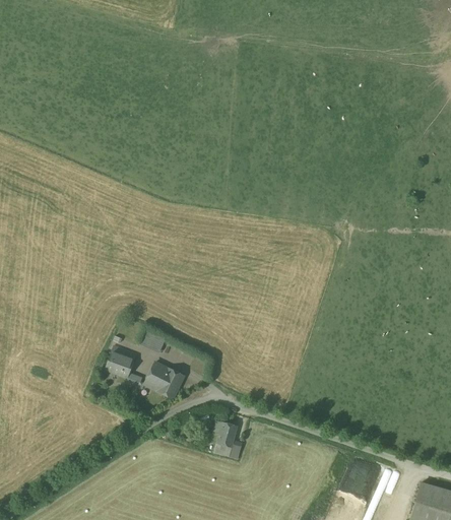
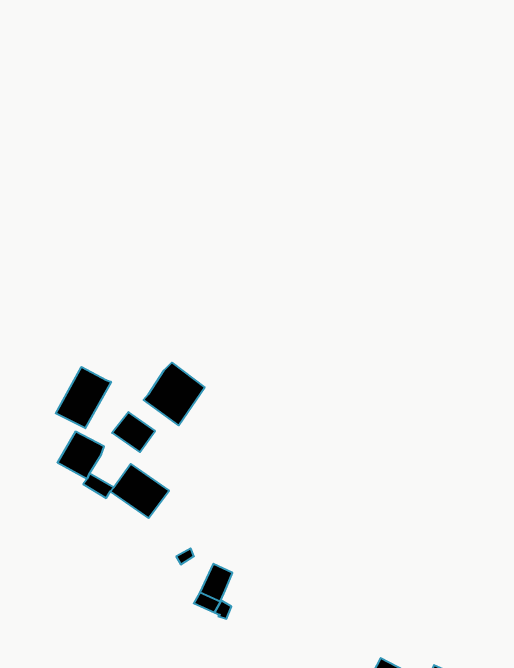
building: none -> [144,363,205,425]
building: none -> [56,367,111,428]

